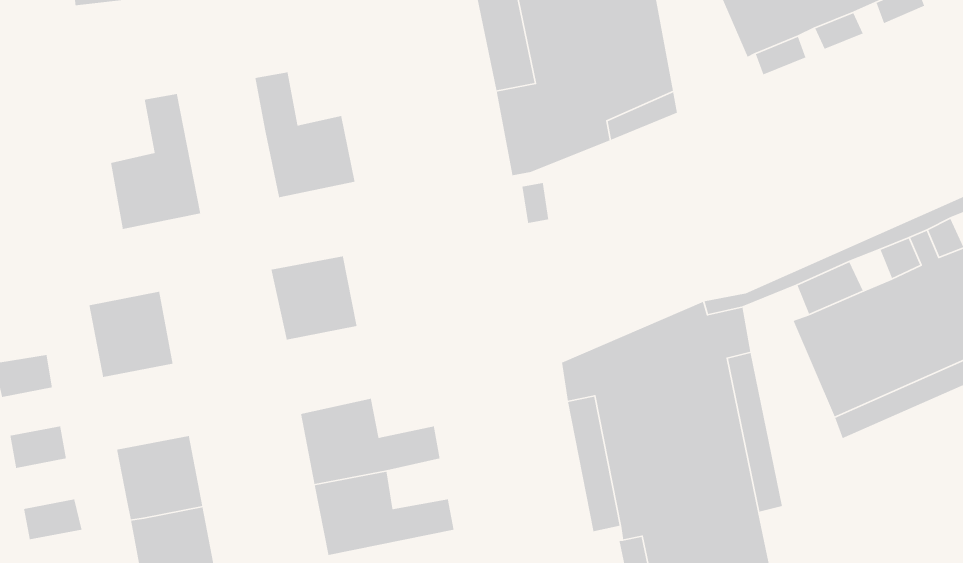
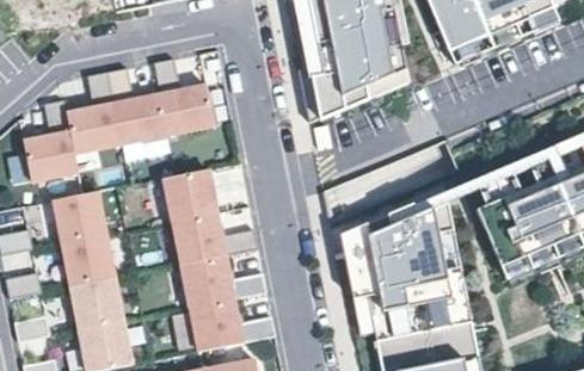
building: none -> [107,68,168,144]
building: none -> [24,100,78,181]
building: none -> [173,212,258,265]
building: none -> [62,235,115,286]

